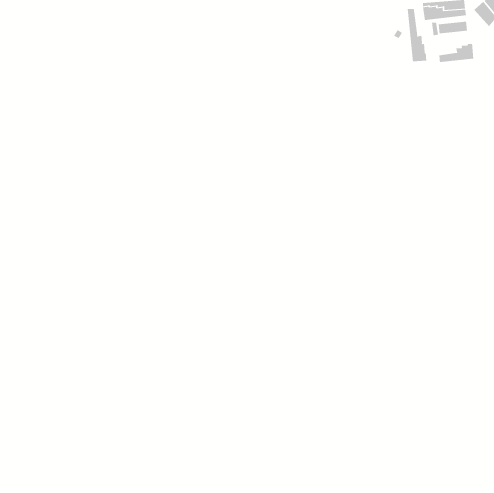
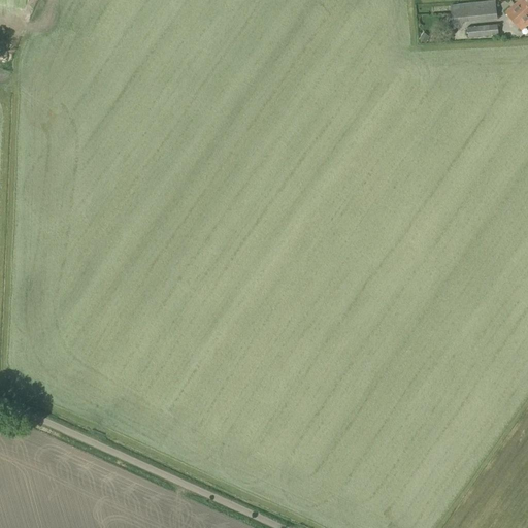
building: [407,8,427,62] -> none
building: [439,43,474,63] -> none

